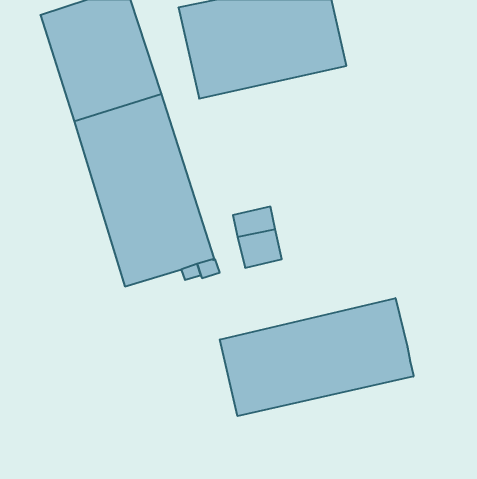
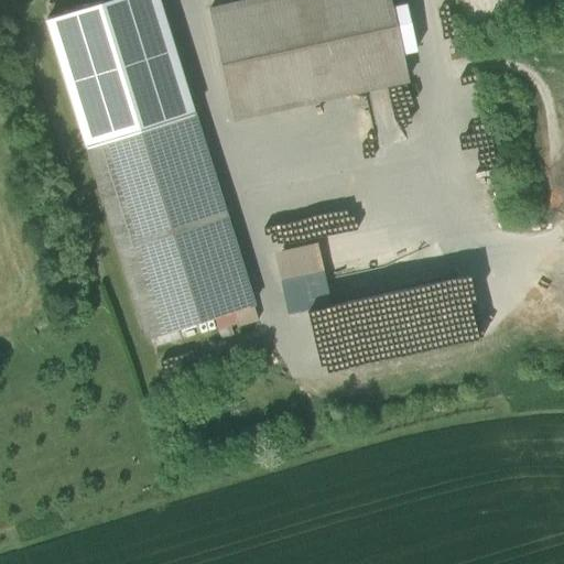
building: [220,298,414,416] -> none

